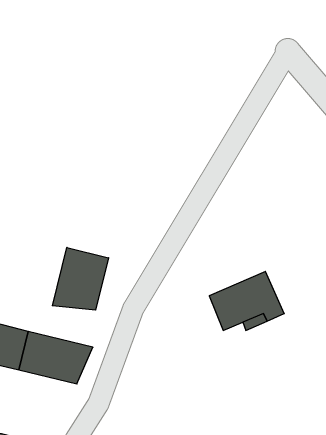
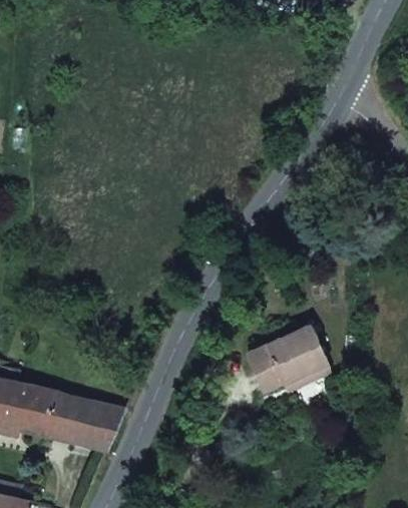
building: [52,247,109,310] -> none

